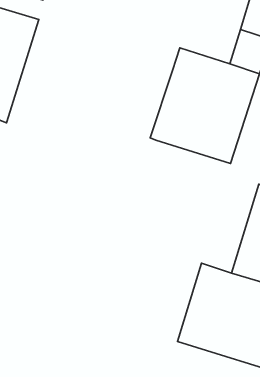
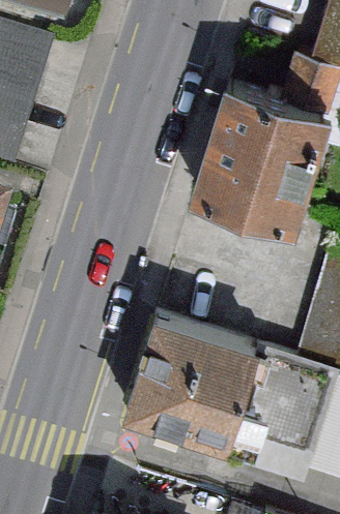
building: none -> [122,321,255,449]

